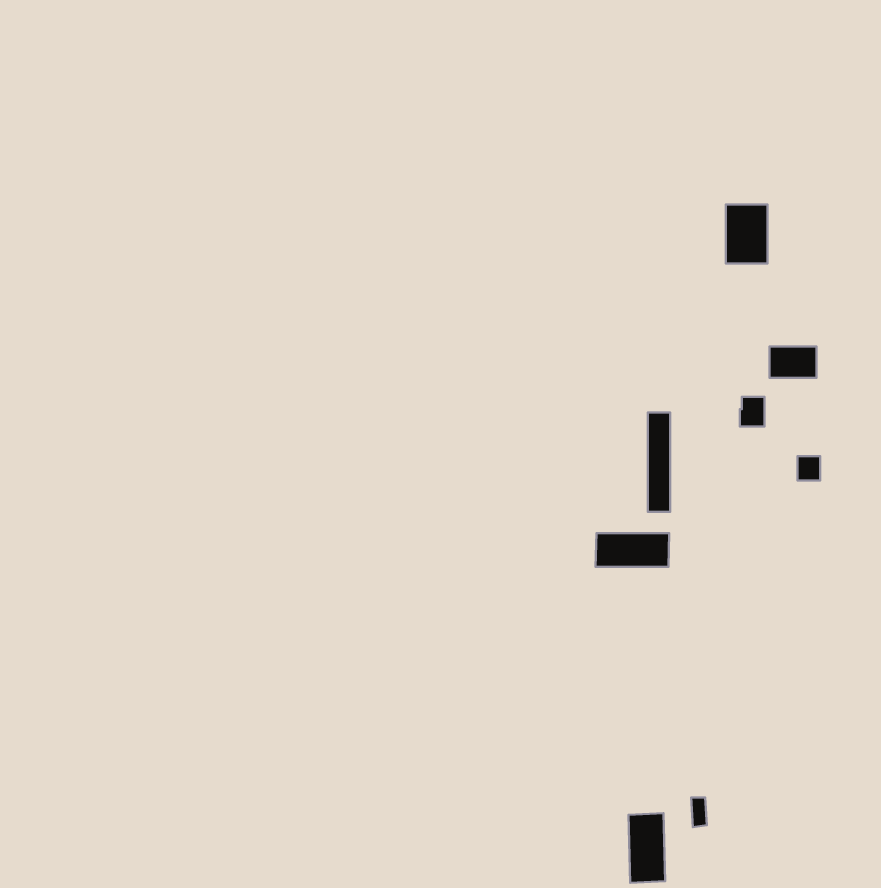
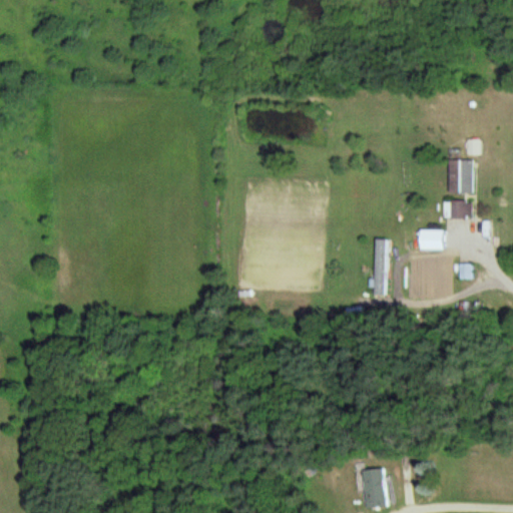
building: [726,204,767,264] -> [448,158,472,192]
building: [596,533,669,567] -> none

